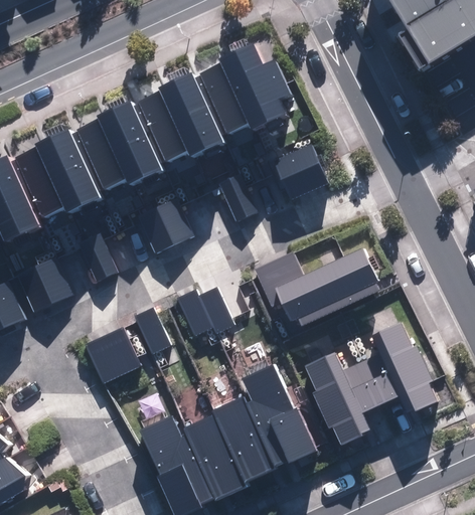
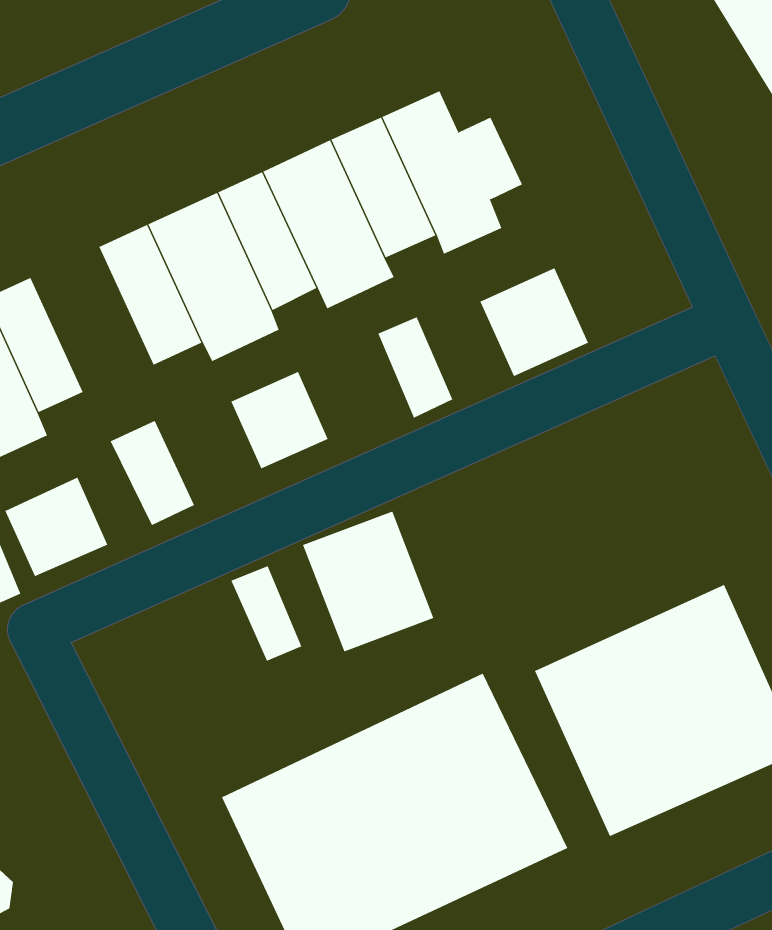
building: [31,133,102,222] -> none
building: [253,250,375,336] -> none
building: [85,322,142,379] -> none

